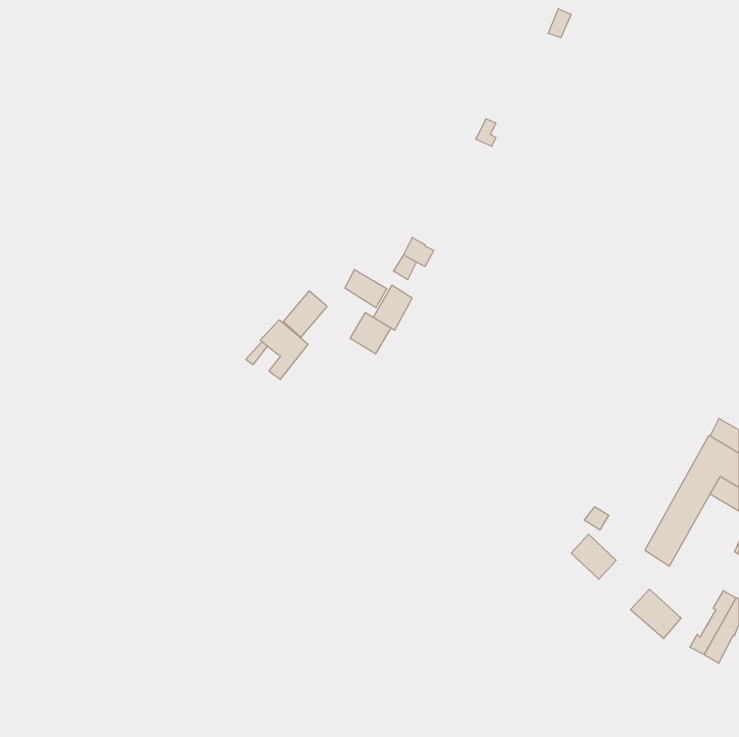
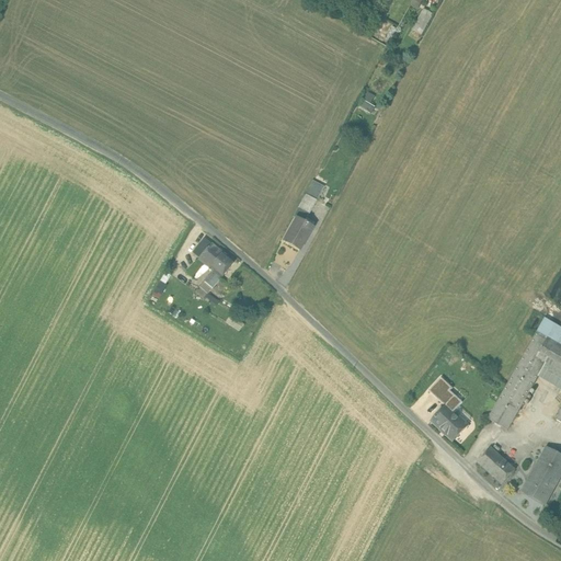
building: [345,269,387,308] -> none
building: [283,291,327,337] -> none
building: [350,313,391,354] -> none

